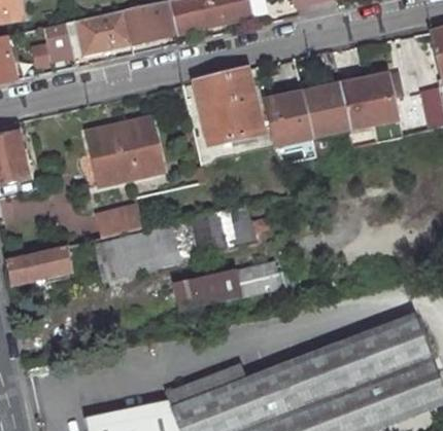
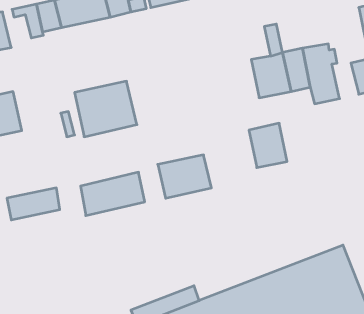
building: [197,69,265,143] -> none
building: [267,93,312,145] -> [249,123,287,168]
building: [100,206,145,237] -> none
building: [239,257,280,295] -> none
building: [170,272,240,319] -> none

